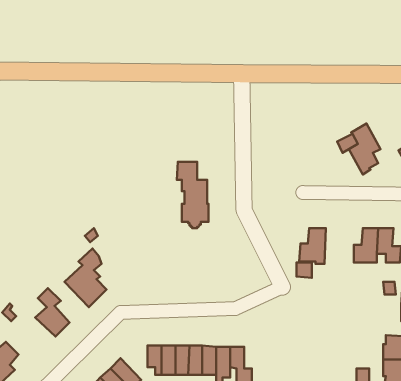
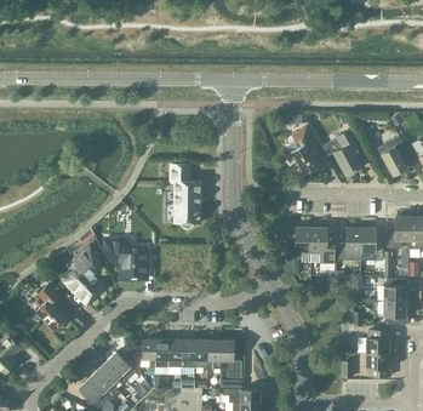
building: none -> [291,125,320,175]
building: none -> [310,227,335,270]
building: none -> [104,239,145,278]

